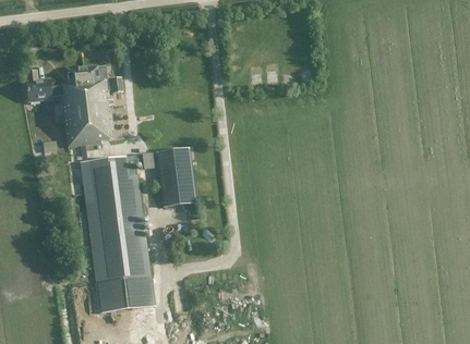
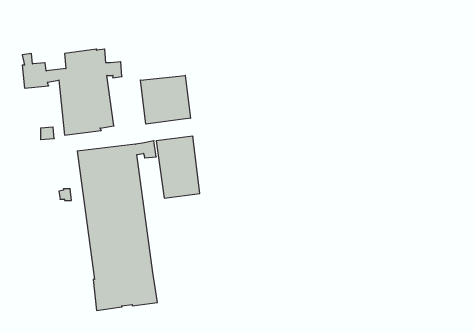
building: none -> [140,75,190,124]

